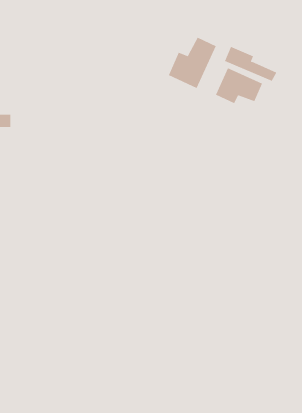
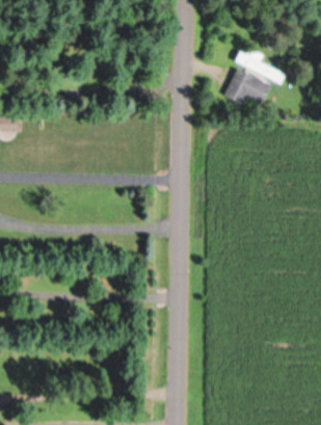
building: [168,37,217,89] -> none

